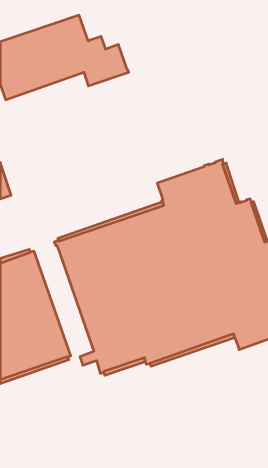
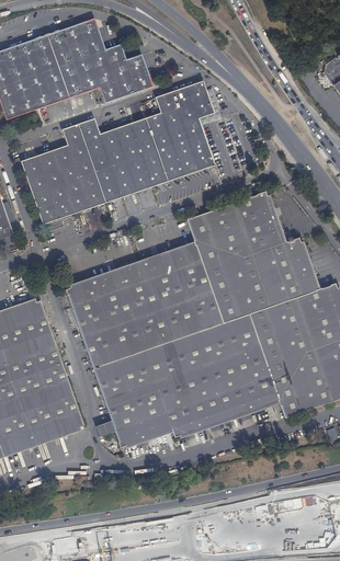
building: none -> [21,81,215,224]

